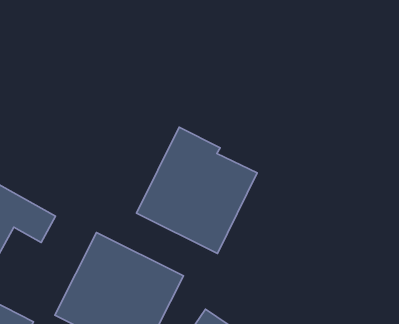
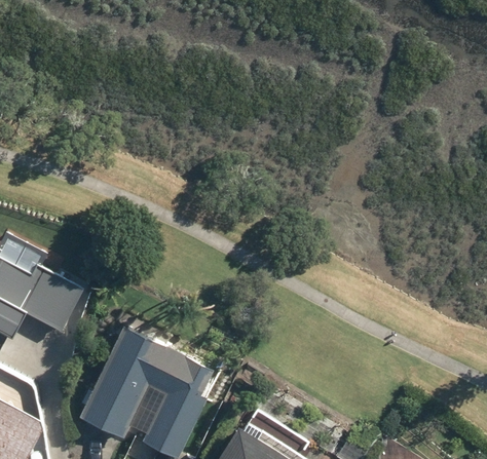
building: [137,127,257,254] -> none

